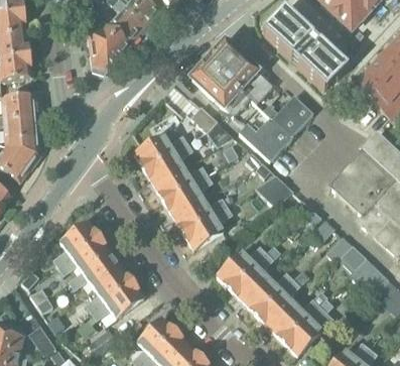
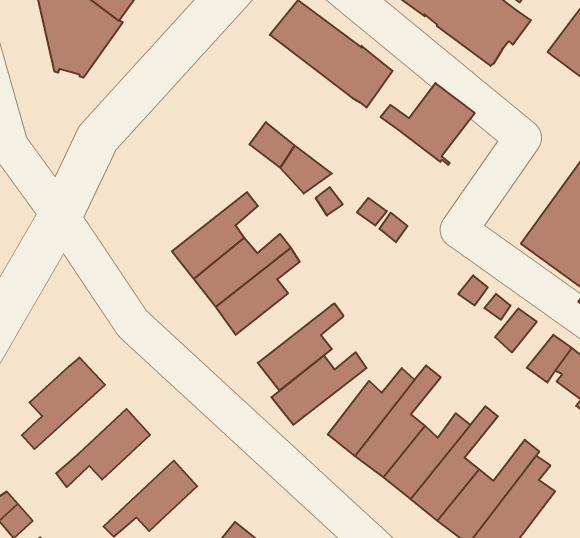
building: [191,58,253,116] -> none
building: [238,116,291,159] -> none
building: [133,134,186,168] -> none
building: [255,173,292,206] -> none
building: [172,198,225,233] -> [271,352,367,425]
building: [58,236,110,273] -> none
building: [85,265,132,312] -> none

